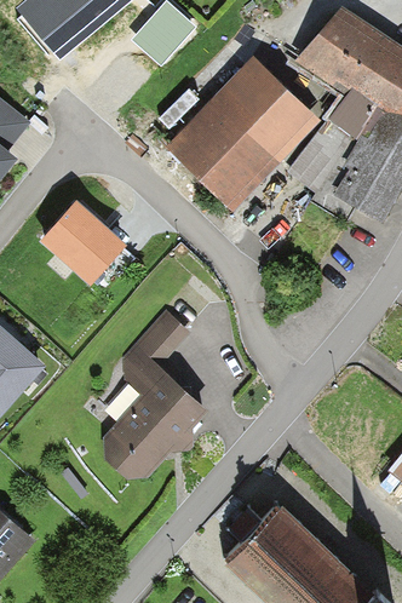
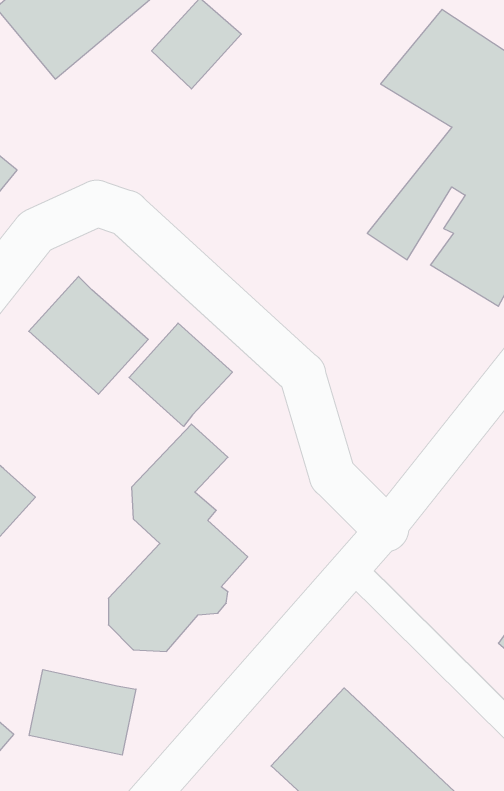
building: [163,56,320,214] -> none
building: none -> [129,323,232,426]
building: none -> [29,670,136,755]

